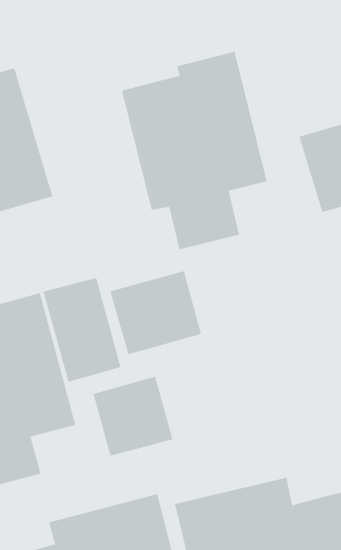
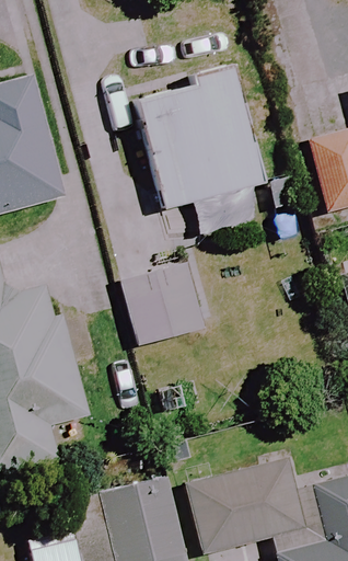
building: [43,277,121,383] -> none
building: [93,376,173,456] -> none

